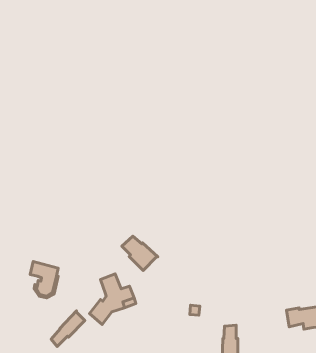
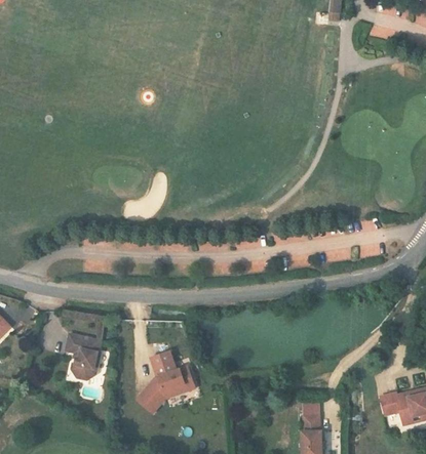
building: [122,236,158,270] -> none
building: [51,311,85,346] -> none

